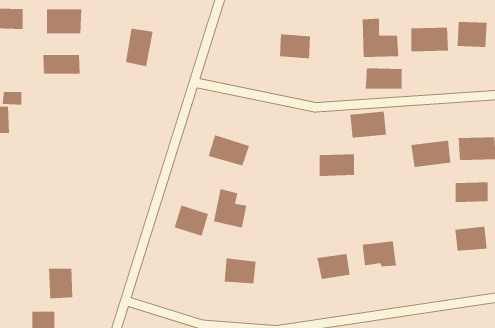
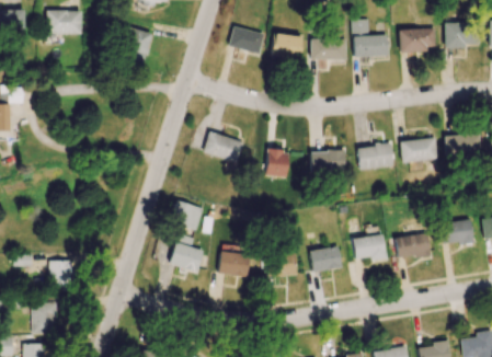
building: none -> [228,26,264,54]
building: [43,54,80,74] -> none
building: [365,68,402,89] -> [310,38,346,59]
building: [350,111,387,138] -> [357,143,393,170]
building: none -> [264,149,289,177]
building: [455,182,488,203] -> none
building: [213,189,247,228] -> [170,233,203,272]
building: none -> [394,232,431,260]
building: none -> [268,253,296,276]

